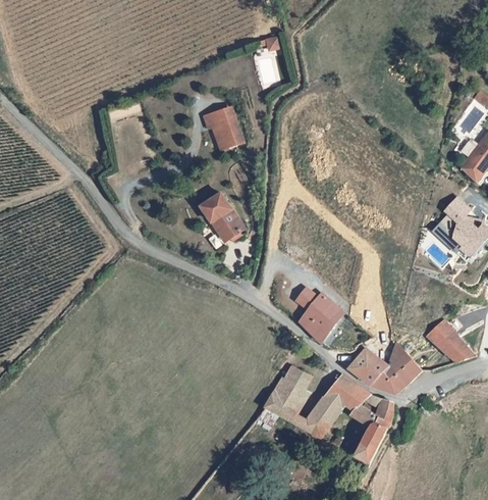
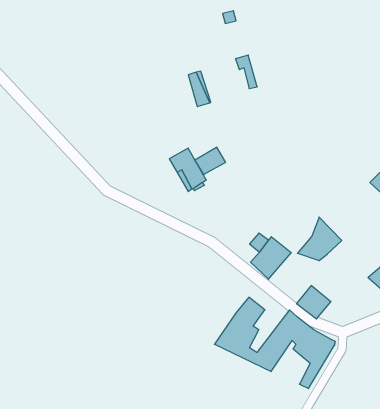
building: [212,109,236,147] -> [236,55,257,89]
building: none -> [195,147,225,175]
building: [371,344,421,393] -> [297,217,342,261]

